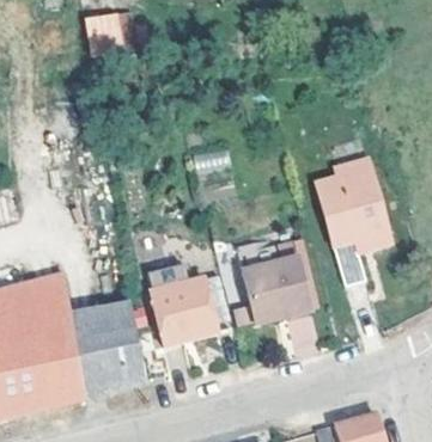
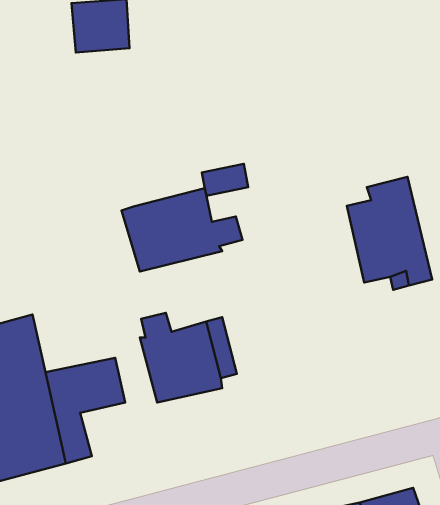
building: none -> [121,188,243,271]
building: [245,256,314,321] -> none
building: [99,345,144,389] -> none

